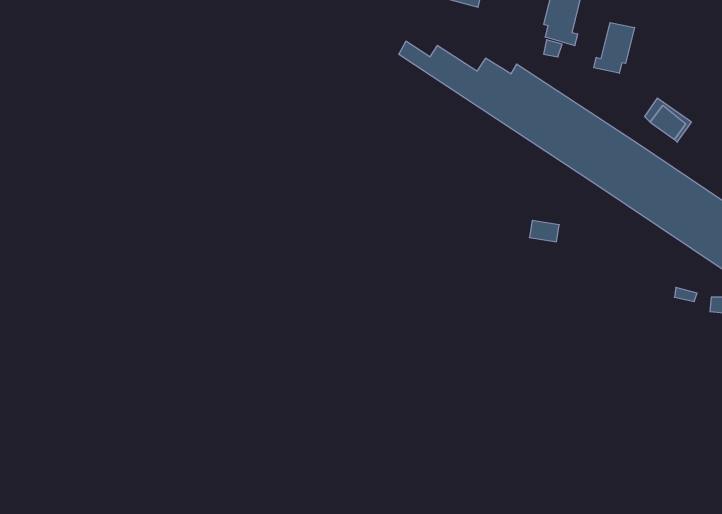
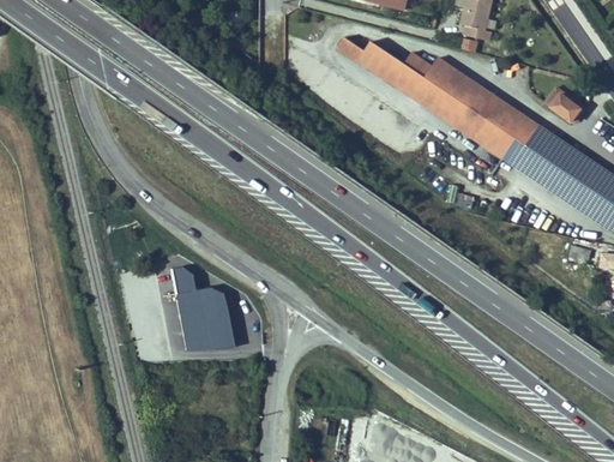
building: [594,23,635,73] -> none
building: none -> [169,266,234,352]

